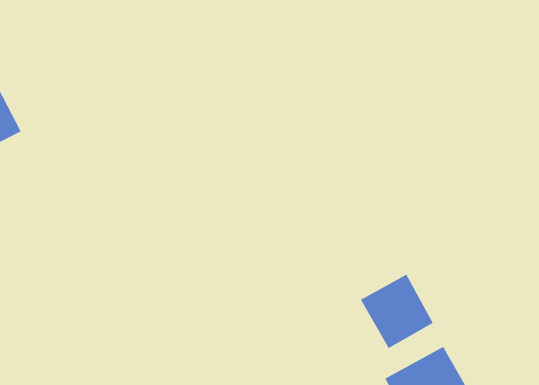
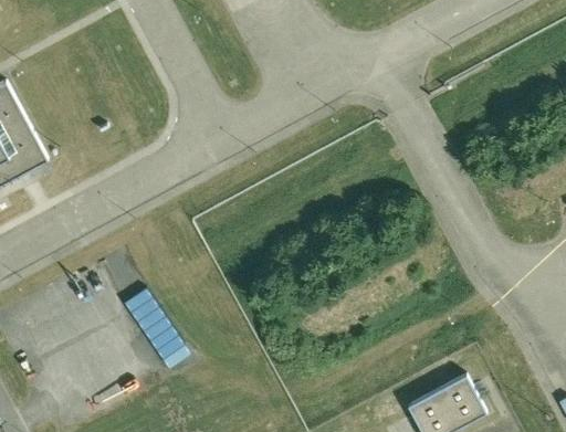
building: [360,274,433,349] -> none

